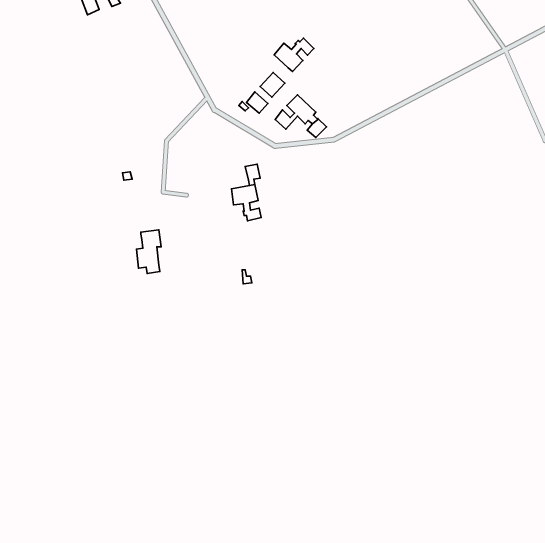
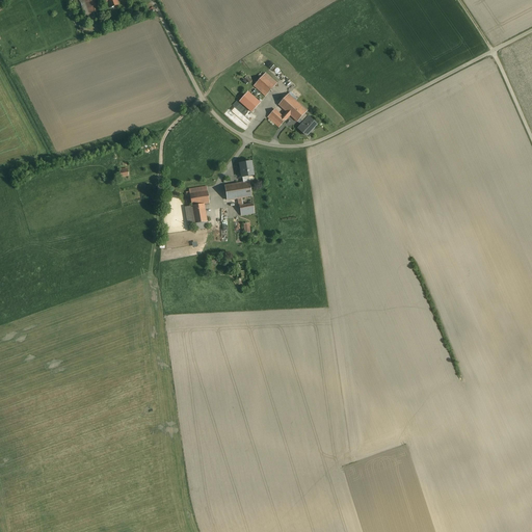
building: [274,38,314,72] -> none
building: [136,230,161,274] -> [185,186,209,229]

